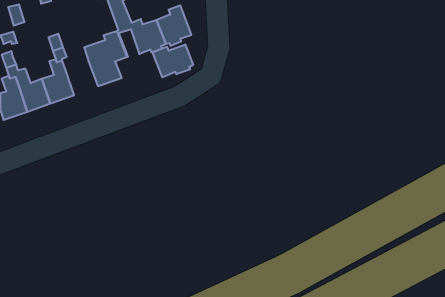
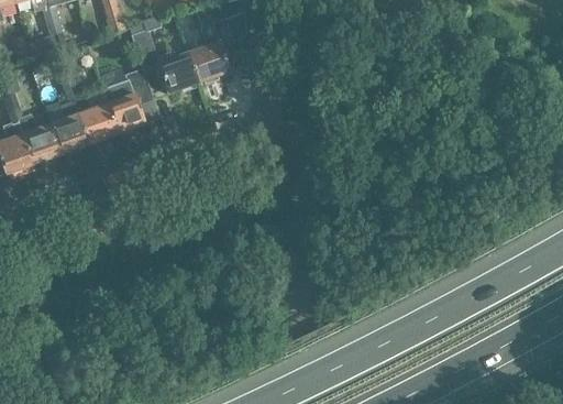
building: [153,44,193,77] -> none
building: none -> [79,105,118,144]

